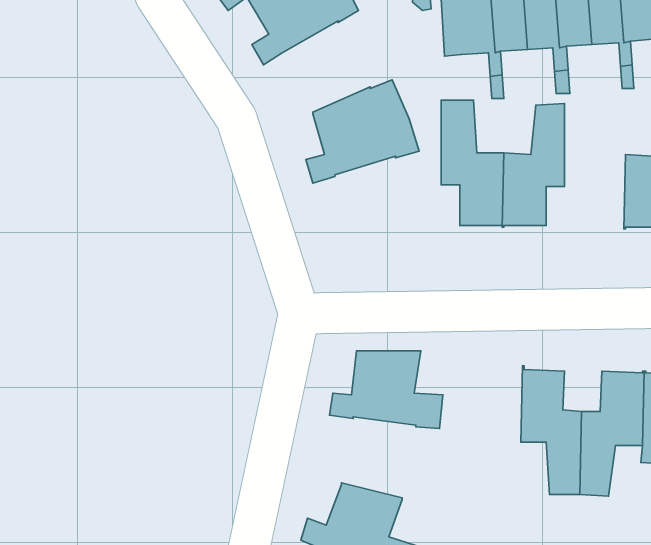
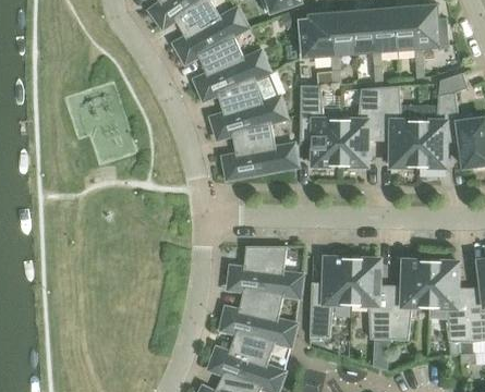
building: none -> [197,35,268,100]
building: none -> [379,87,419,169]
building: none -> [225,122,296,180]
building: none -> [310,257,352,338]
building: none -> [221,290,295,346]

